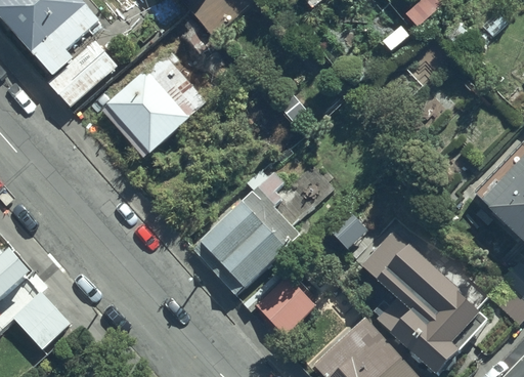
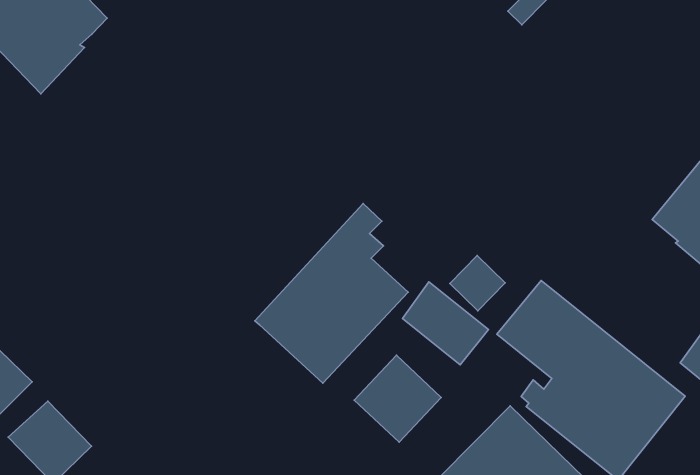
building: [50,35,123,106] -> none
building: [105,43,212,155] -> none
building: none -> [402,282,489,365]

